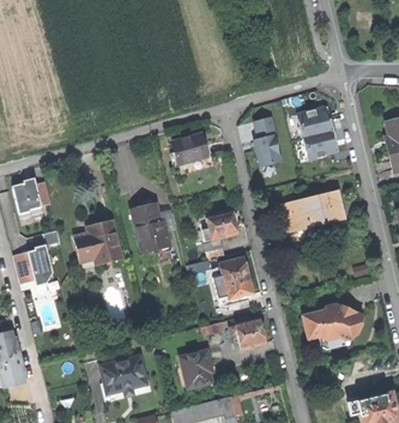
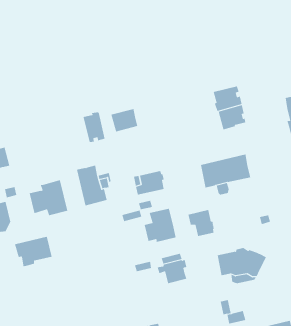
building: [255,117,282,168] -> none
building: none -> [83,112,105,143]
building: none -> [188,209,214,237]
building: [182,348,213,386] -> none
building: [101,355,147,392] -> [14,236,52,267]

